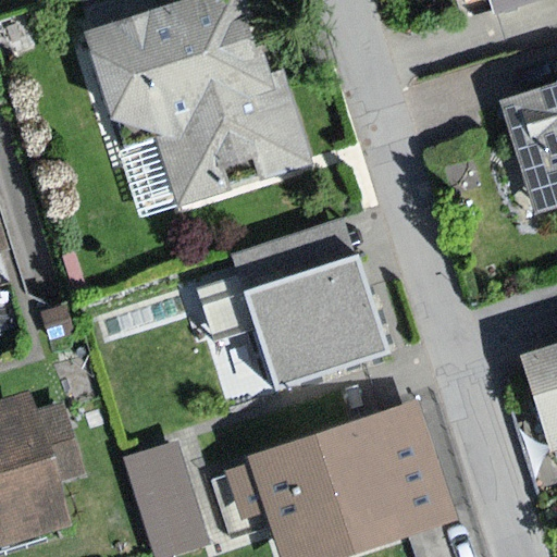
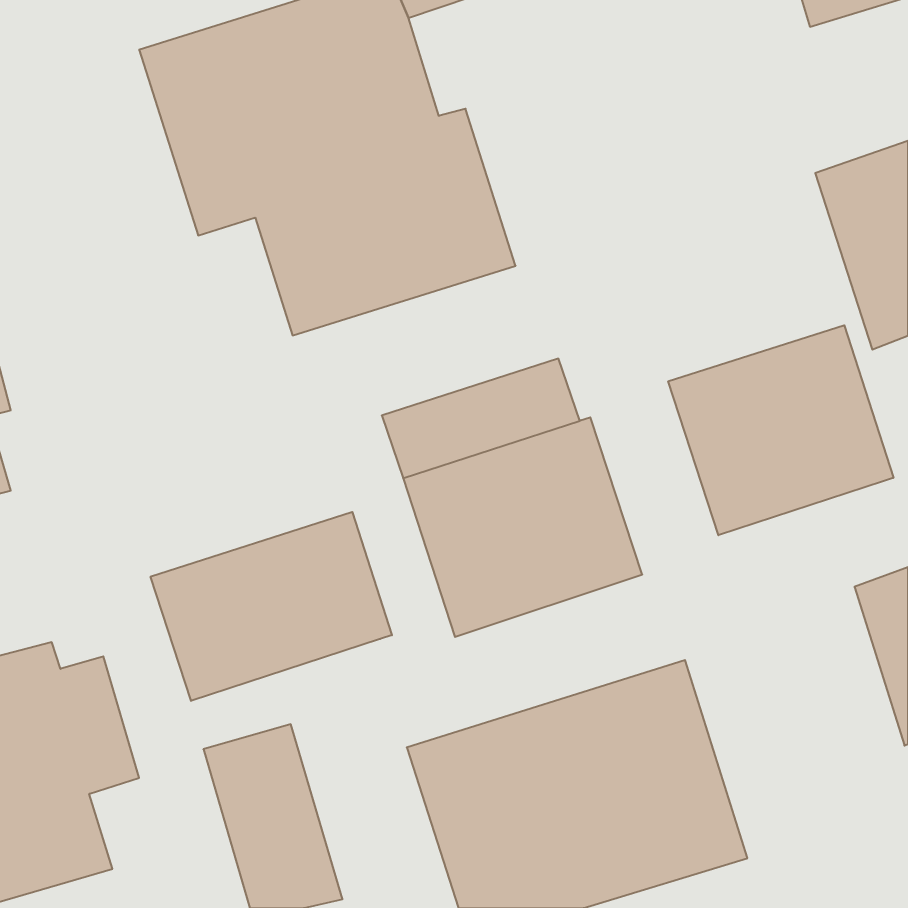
building: none -> [668,325,893,535]
building: none -> [151,512,392,701]

